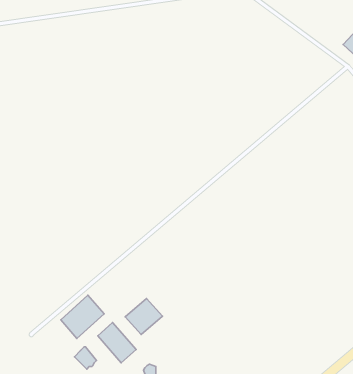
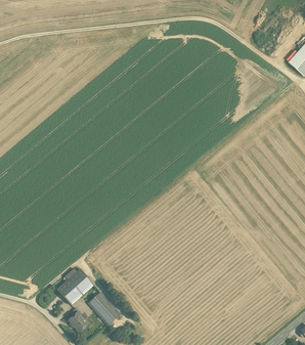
building: [125,298,162,335] -> none

